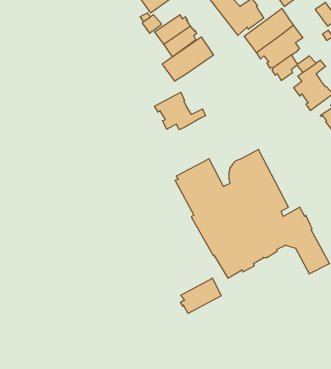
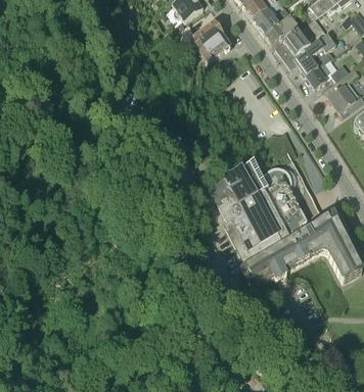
building: [162,37,213,81] -> none
building: [155,92,206,130] -> none
building: [181,278,221,313] -> none

